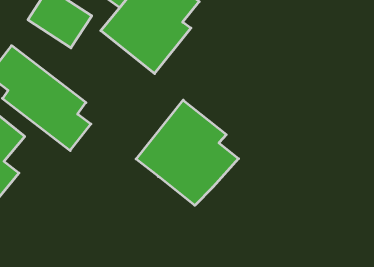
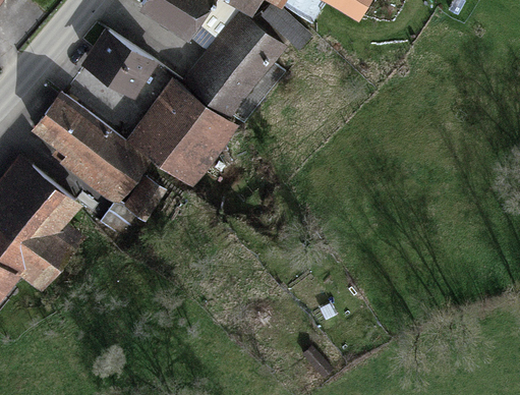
building: none -> [128,76,239,186]
building: [136,100,239,205] -> none

